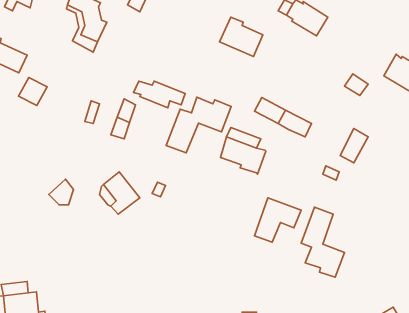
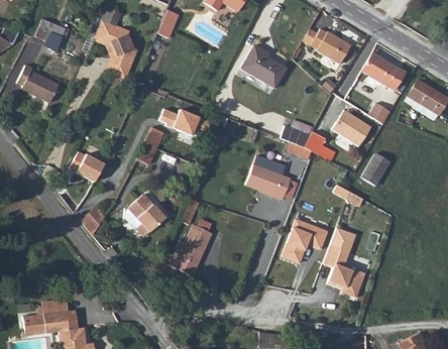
building: none -> [361,52,405,91]
building: [18,78,47,105] -> [77,153,105,181]
building: none -> [330,108,370,145]
building: [166,97,231,153] -> none
building: none -> [167,224,211,274]

